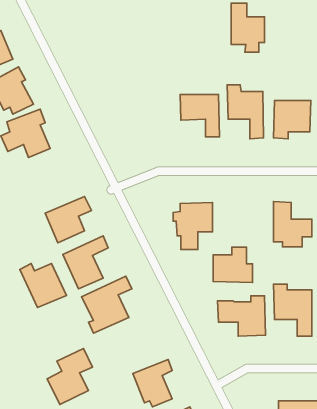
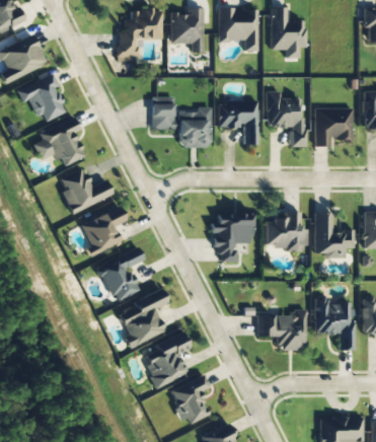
building: none -> [117,8,162,60]
building: none -> [218,8,257,51]
building: none -> [170,10,204,52]
building: none -> [152,103,211,148]
building: none -> [60,168,114,214]
building: [213,247,253,282] -> [267,212,307,248]
building: [20,264,66,308] -> none
building: [47,348,92,404] -> [144,329,191,387]

